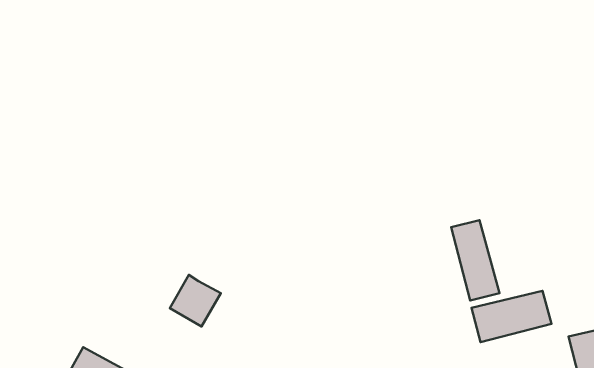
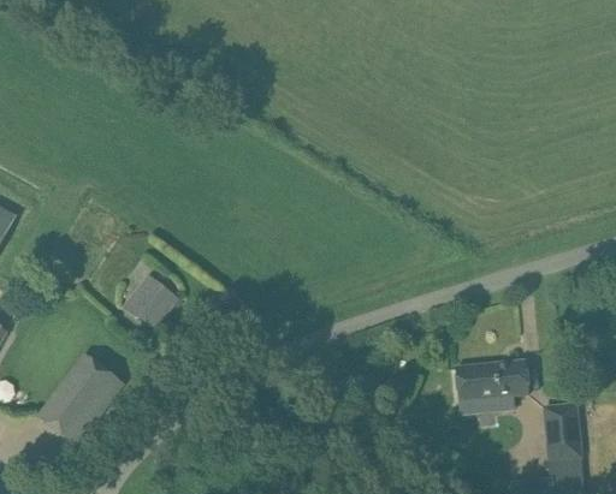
building: [451,220,499,301] -> none
building: [170,275,221,326] -> [125,280,176,331]

